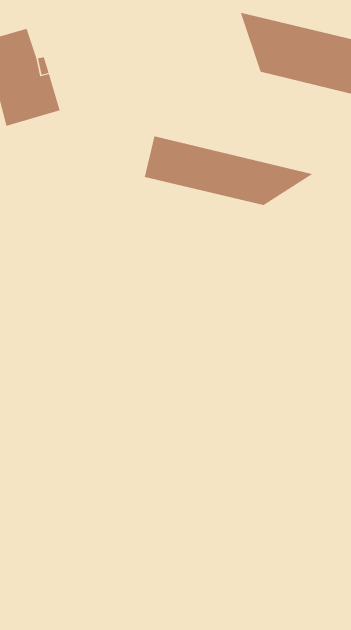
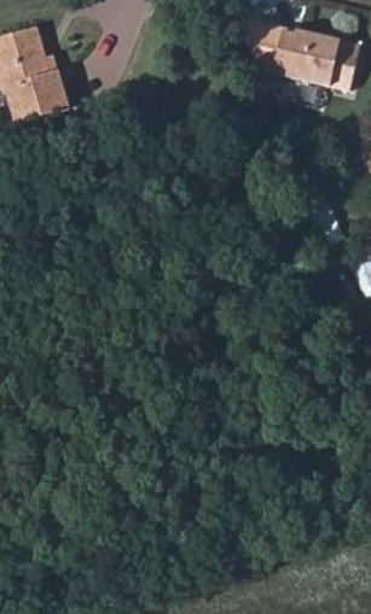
building: [144,136,314,206] -> none

